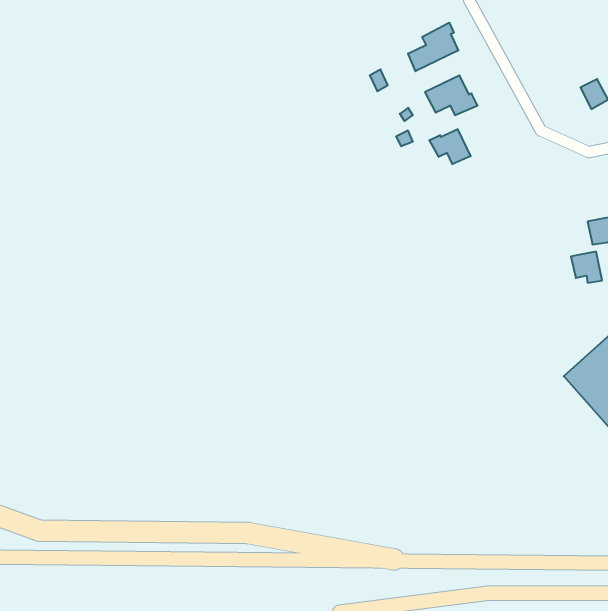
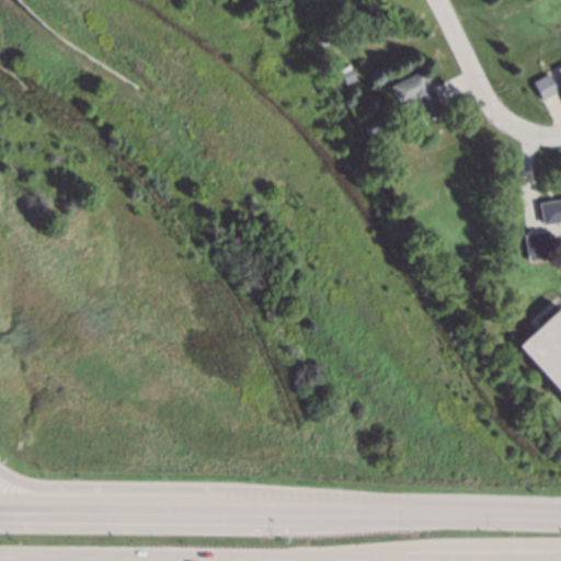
building: [408,23,458,71] -> none
building: [429,129,471,164] -> none

